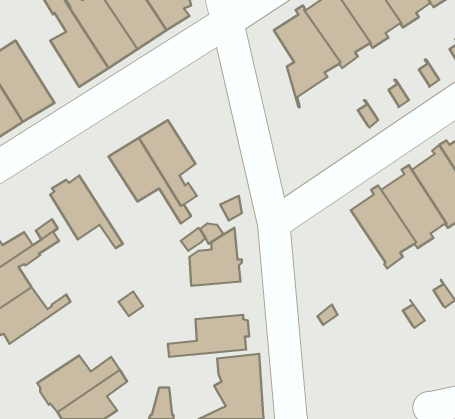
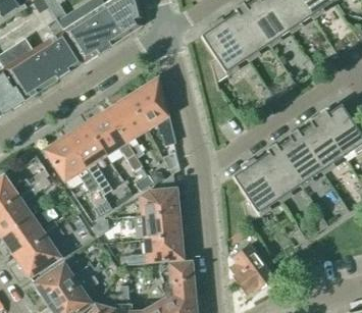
building: none -> [19,38,64,86]
building: none -> [126,77,173,146]
building: none -> [64,122,109,193]
building: none -> [232,158,279,229]
building: none -> [123,211,182,238]
building: none -> [15,225,64,276]
building: none -> [229,243,273,293]

